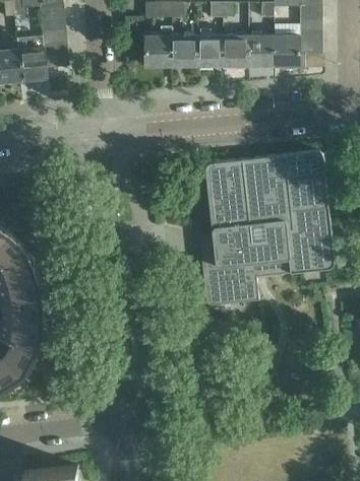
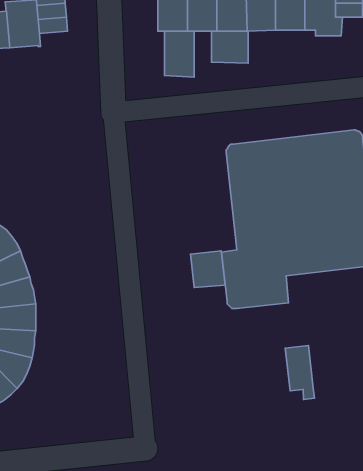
building: none -> [164,31,194,77]
building: none -> [212,31,248,63]
building: none -> [190,251,225,287]
building: none -> [285,345,314,399]

